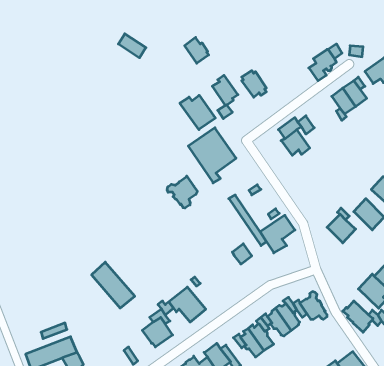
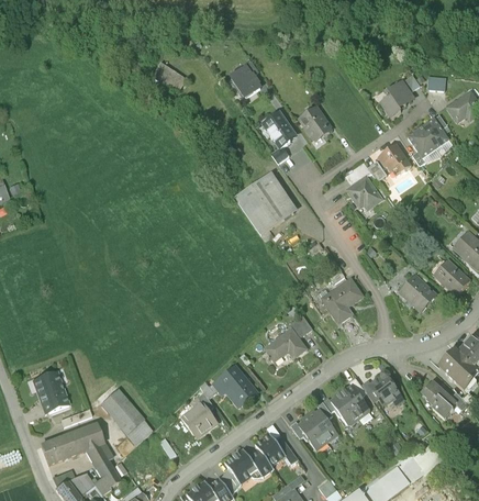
building: [180,95,215,130] -> none
building: none -> [379,144,412,174]
building: [167,176,197,208] -> none
building: none -> [264,327,307,361]
building: [92,262,135,308] -> [101,388,153,443]
building: none -> [33,371,69,413]

